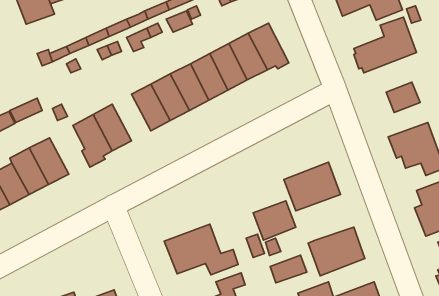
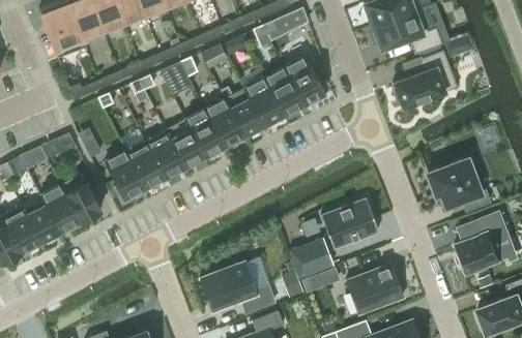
building: [386,82,420,112] -> none
building: none -> [146,130,185,178]
building: [270,255,307,283] -> none

